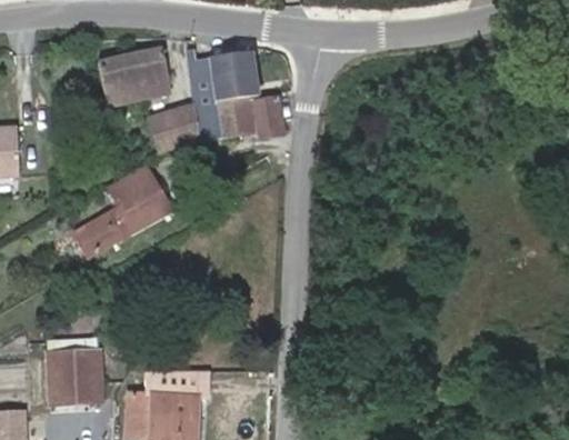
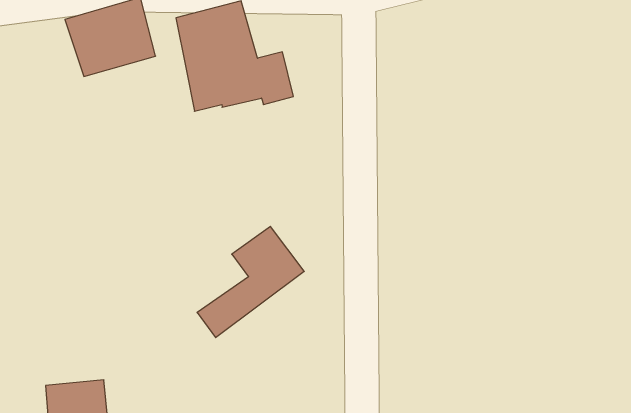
building: [153,101,197,143] -> none
building: [78,170,170,258] -> [197,226,304,338]

